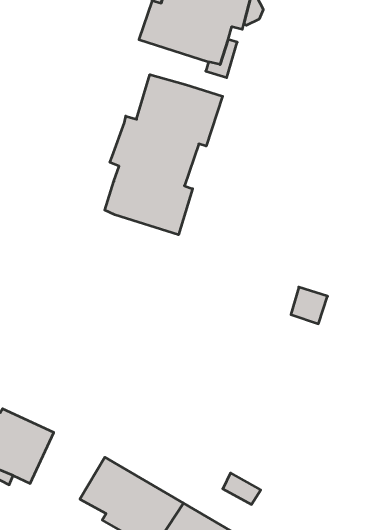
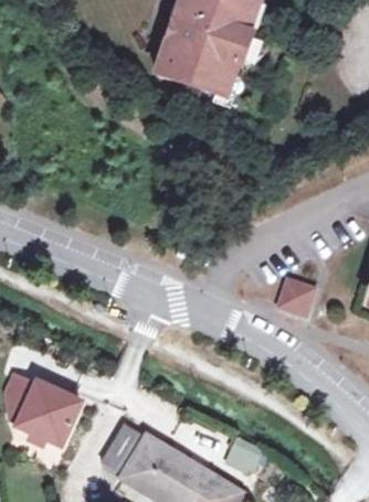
building: [105,75,223,235] -> none

